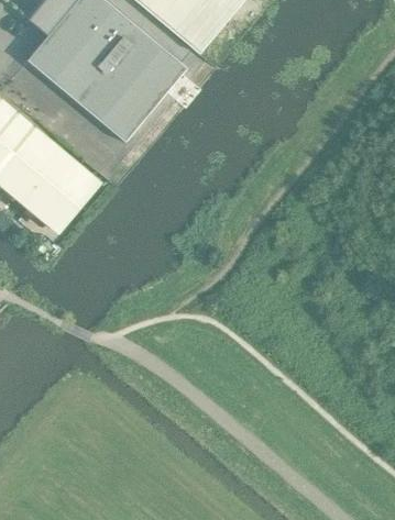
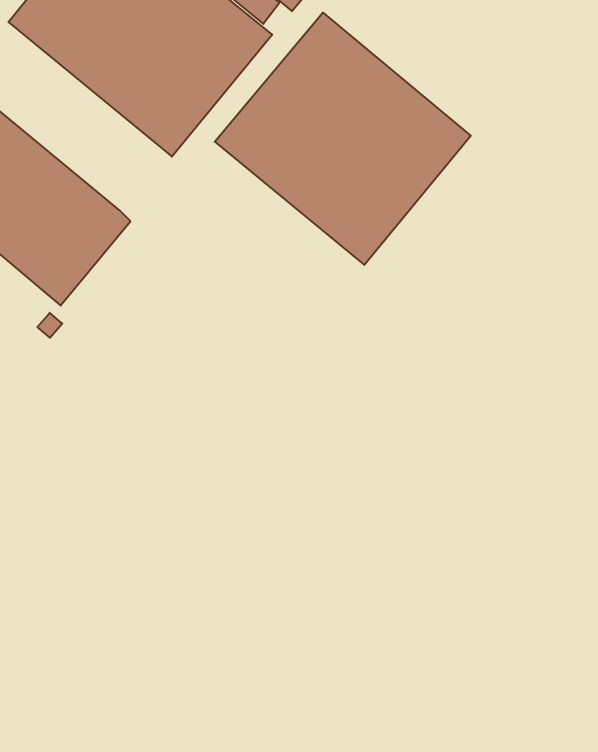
building: none -> [215,13,471,265]

